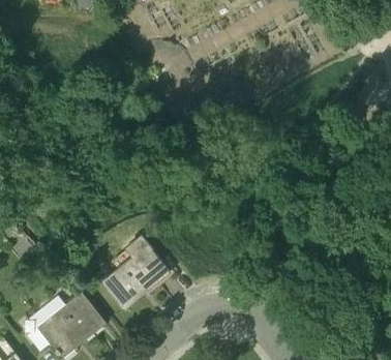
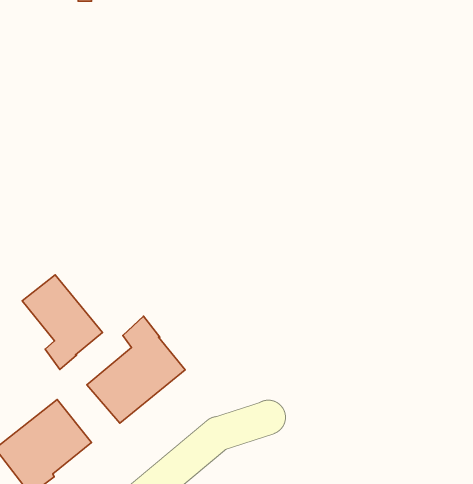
building: none -> [22,275,102,369]

